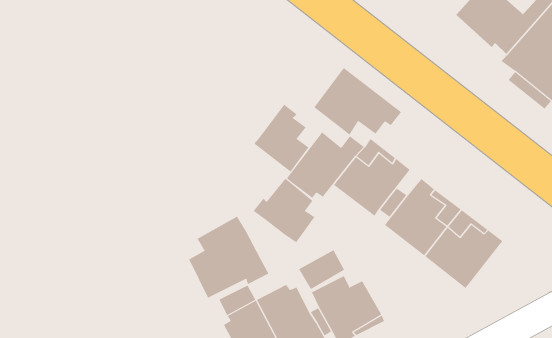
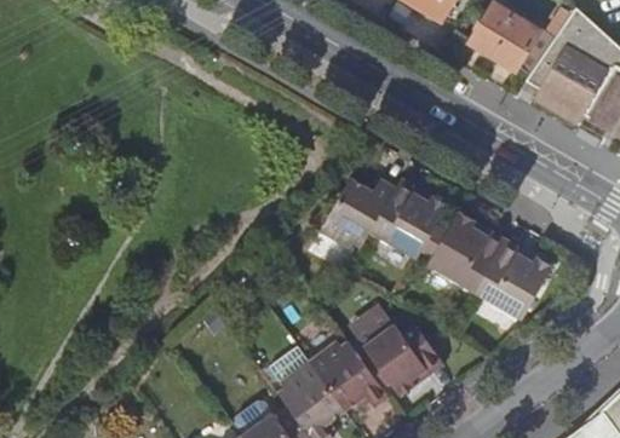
building: [313,67,402,135] -> none
building: [253,104,309,172] -> none
building: [253,178,315,243] -> none
building: [188,216,269,298] -> none

